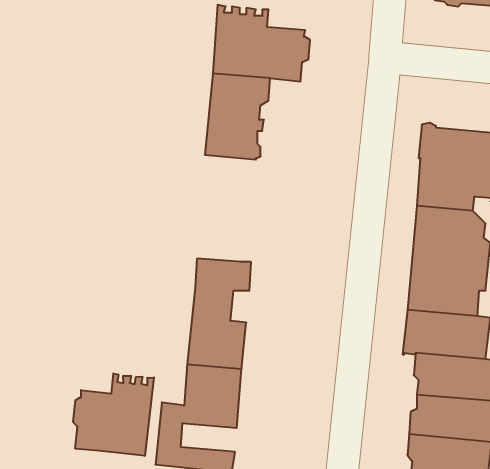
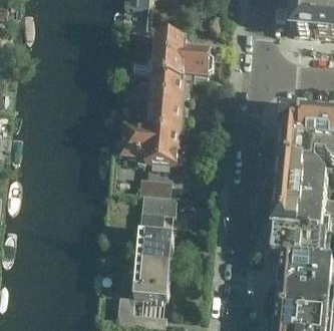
building: none -> [123,124,180,162]
building: none -> [139,175,172,194]
building: [73,373,154,456] -> none

